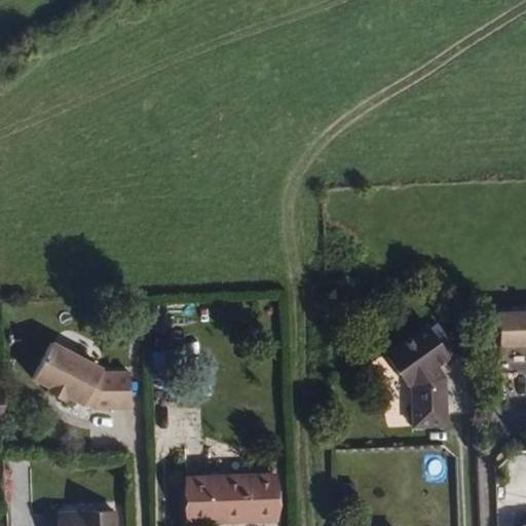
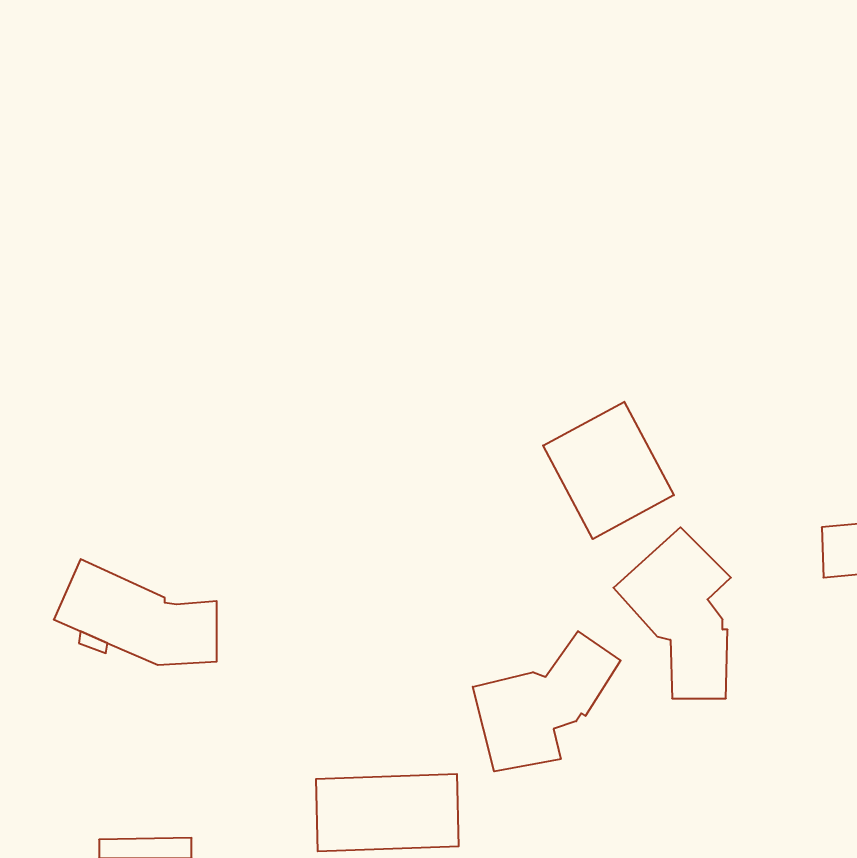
building: none -> [543,402,674,539]
building: none -> [473,631,621,771]

